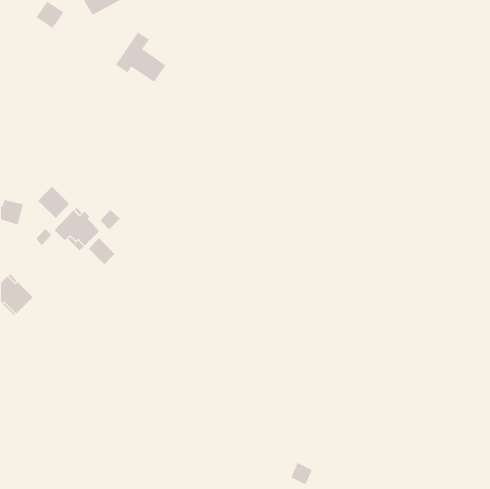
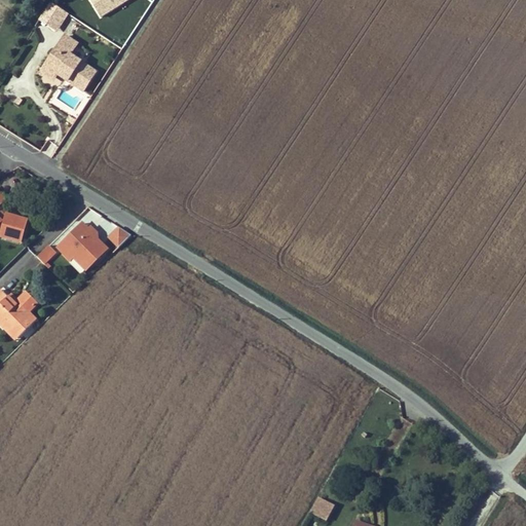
building: [115,32,166,83] -> [39,36,93,90]
building: [38,186,70,219] -> none
building: [88,237,115,265] -> none

